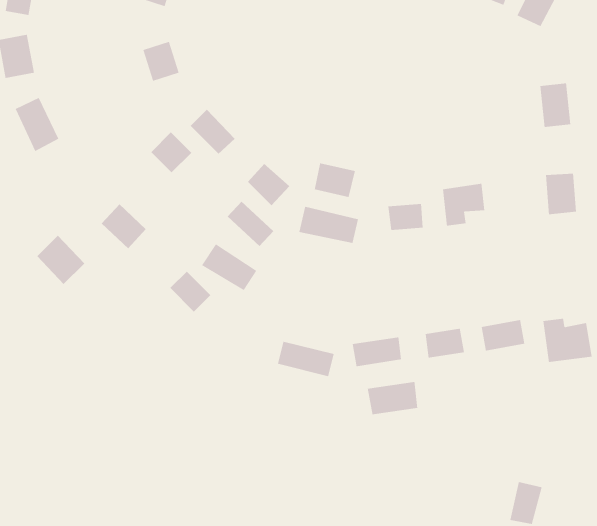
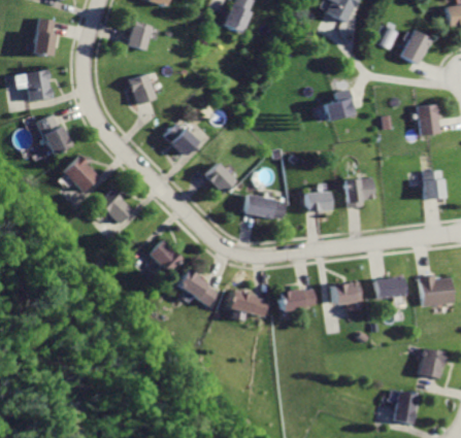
building: none -> [324,90,357,121]
building: [151,132,192,173] -> none
building: [314,163,355,198] -> none
building: [227,201,274,247] -> none
building: [36,235,85,285] -> [65,158,100,194]
building: [201,244,257,291] -> [177,272,218,306]
building: [367,381,418,415] -> none
building: none -> [419,348,446,379]

